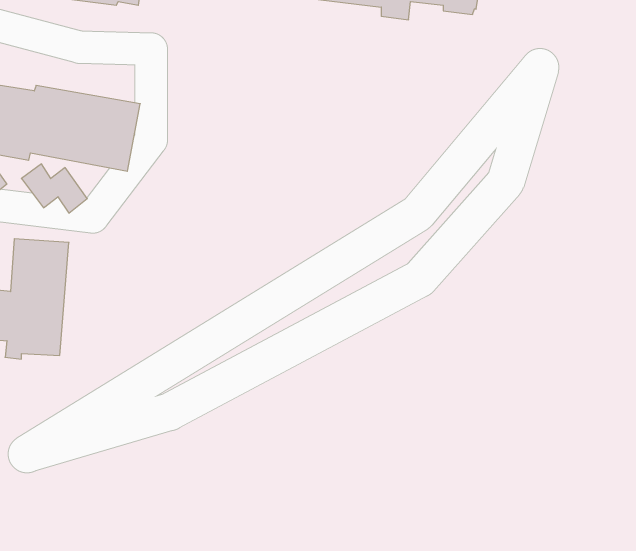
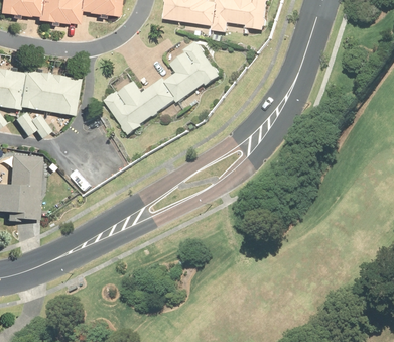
building: none -> [105,41,221,135]

